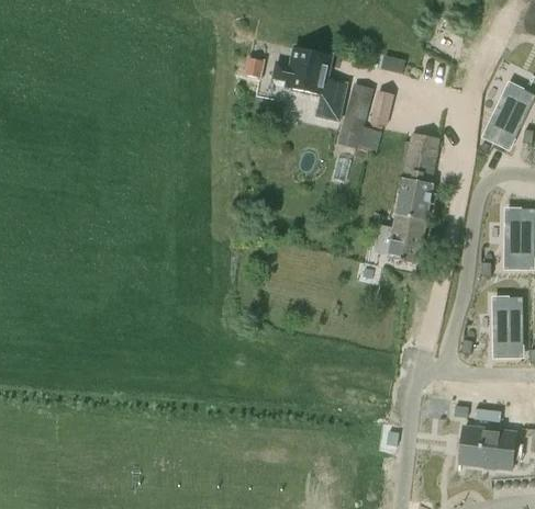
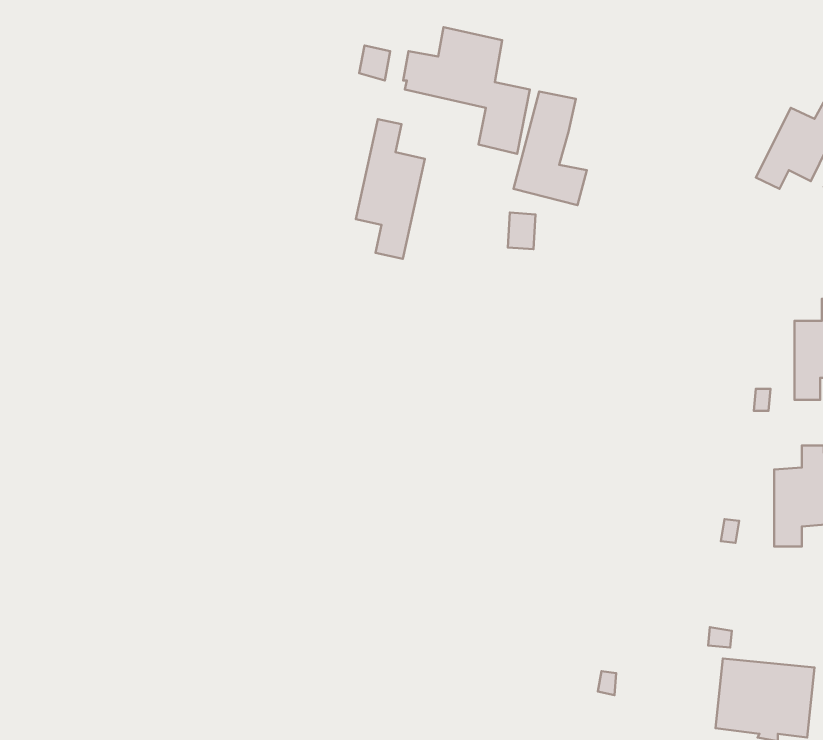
building: [367,89,394,128] -> none
building: none -> [356,119,425,259]
building: [387,133,439,263] -> none

